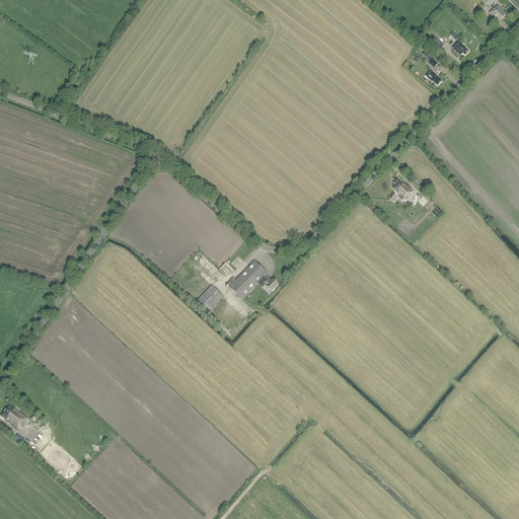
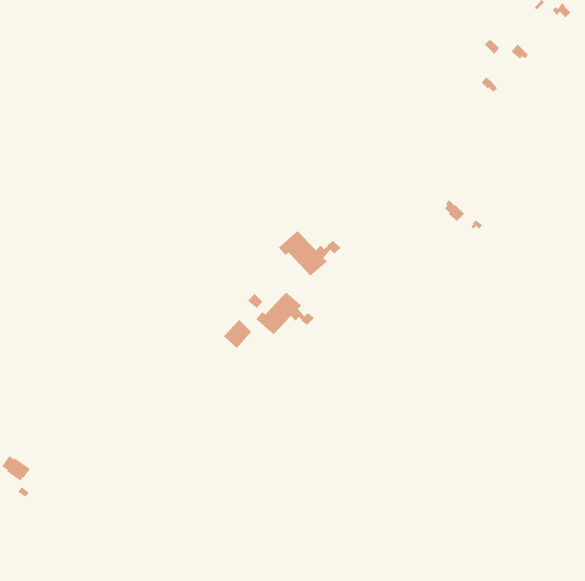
building: none -> [278,230,341,277]

